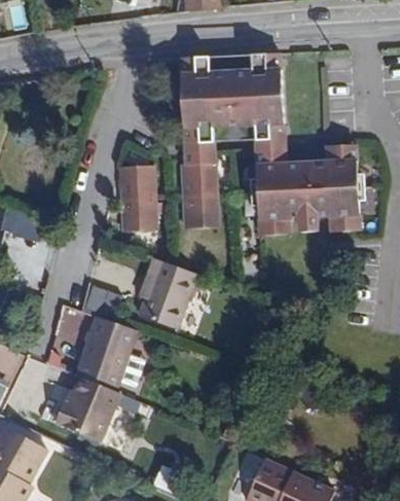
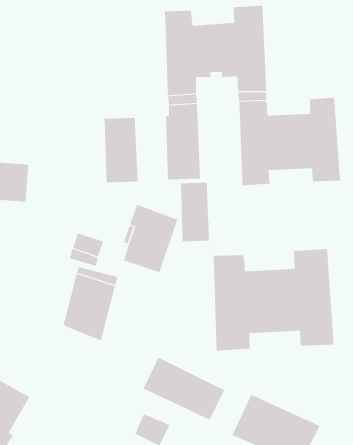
building: none -> [181,182,210,242]
building: none -> [213,248,334,351]
building: [59,378,122,444] -> none
building: none -> [143,357,225,421]

